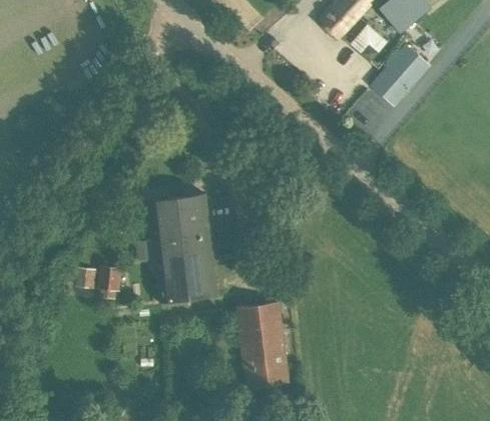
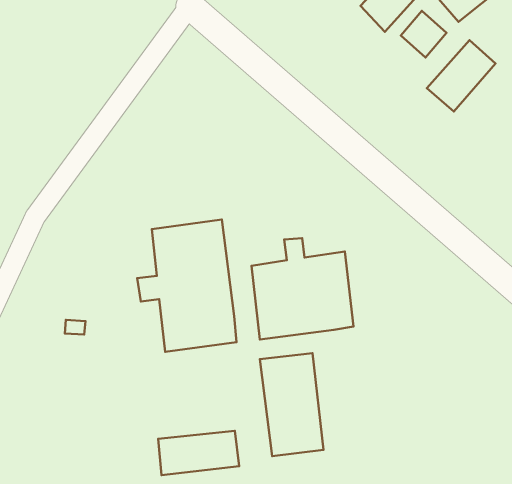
building: none -> [251,238,353,340]
building: [97,266,120,298] -> none
building: none -> [158,431,239,475]

